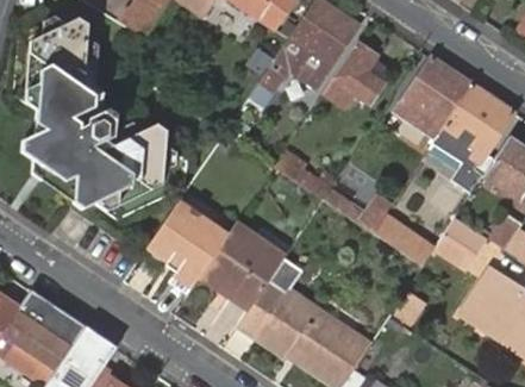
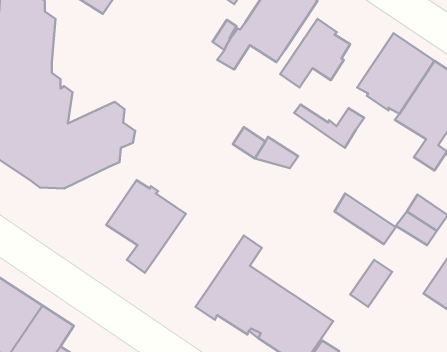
building: [324,191,393,233] -> [294,105,364,148]
building: [200,224,285,308] -> none

